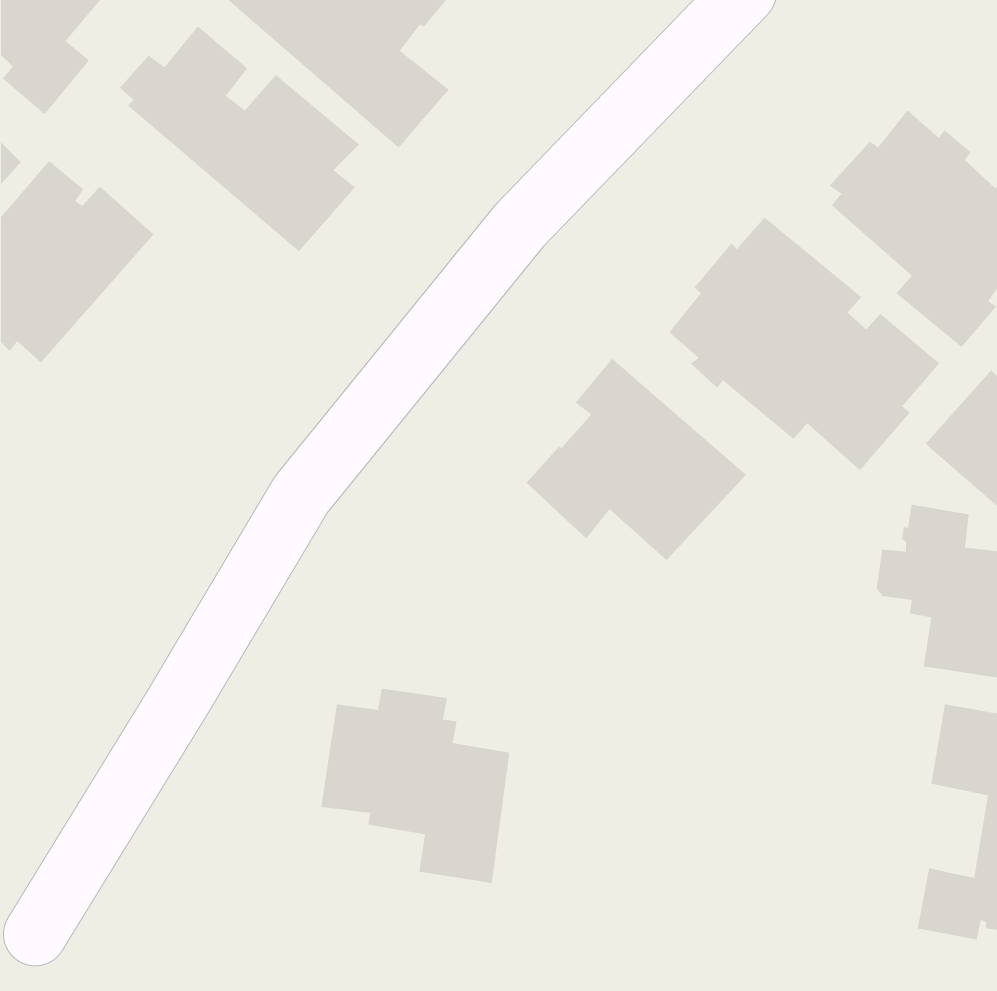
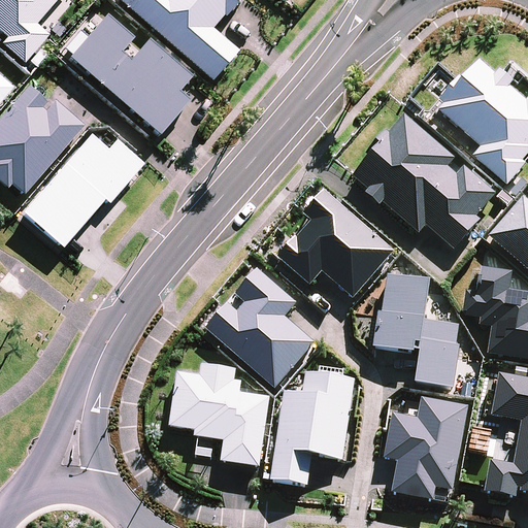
building: none -> [22,133,143,246]
building: none -> [206,267,315,387]
building: none -> [373,273,461,388]
building: none -> [270,365,356,485]
building: none -> [385,396,470,499]

